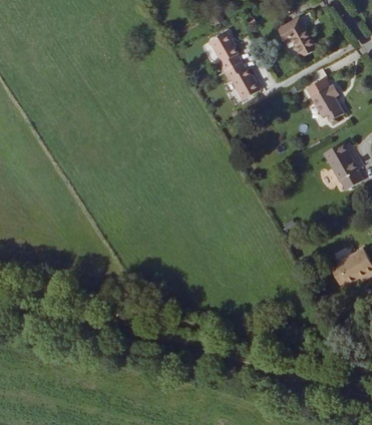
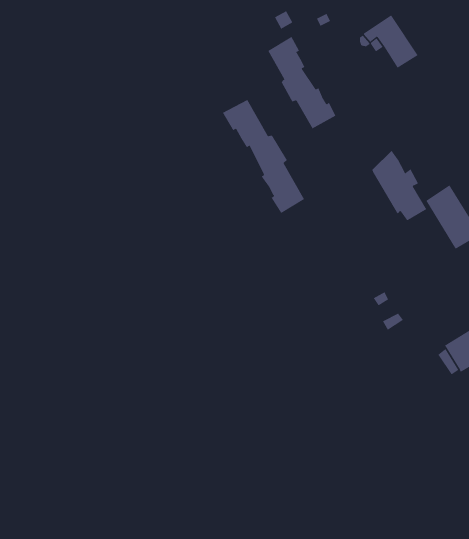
building: [309,74,350,127] -> [372,150,427,221]
building: none -> [222,99,305,214]

